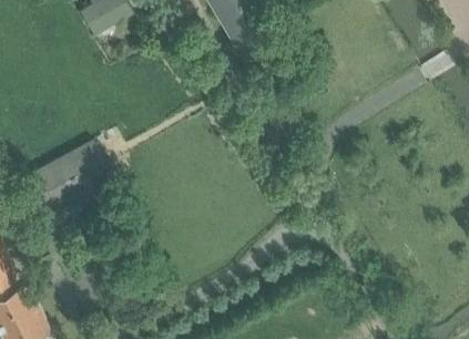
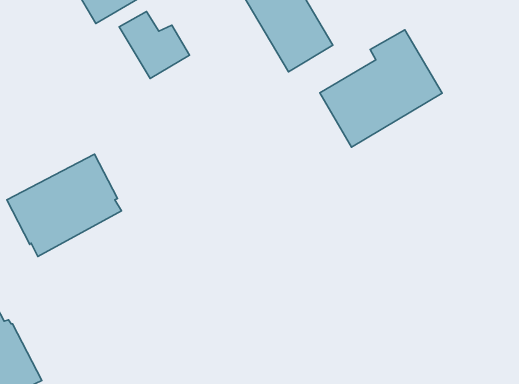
building: none -> [119,12,189,78]
building: none -> [320,30,442,147]

